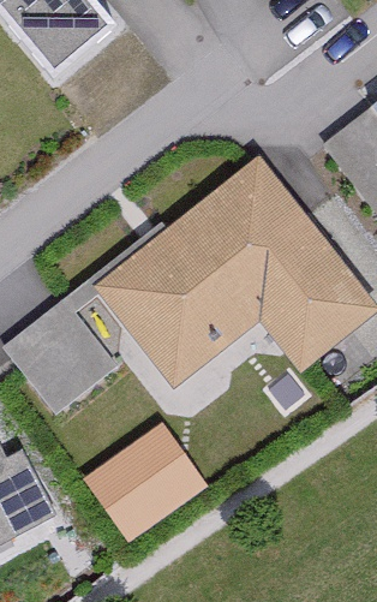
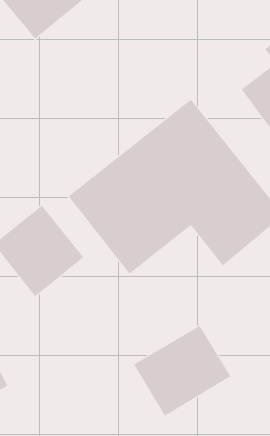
building: [89,407,217,528] -> [133,325,231,417]

